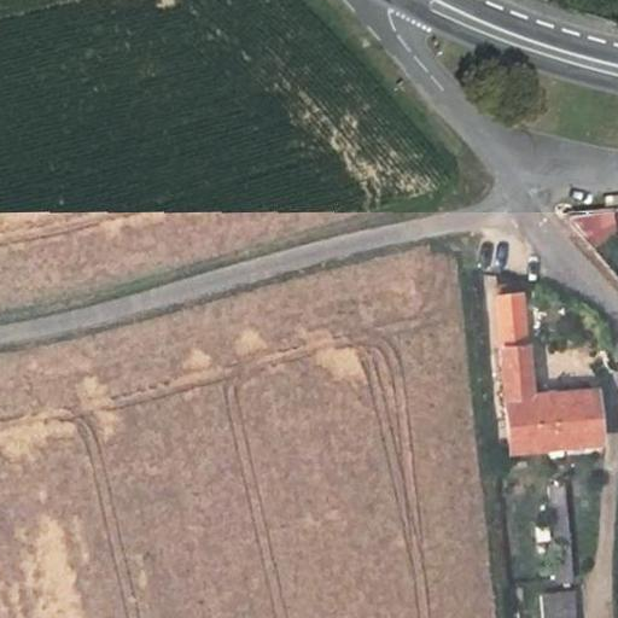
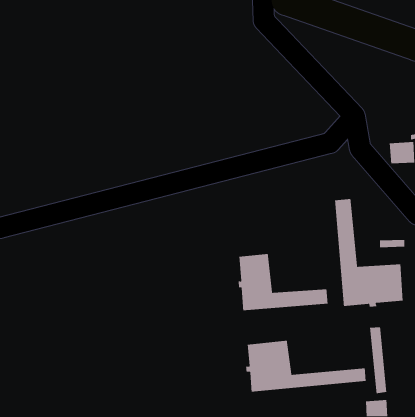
building: none -> [238,253,328,311]
building: none -> [245,340,367,393]

